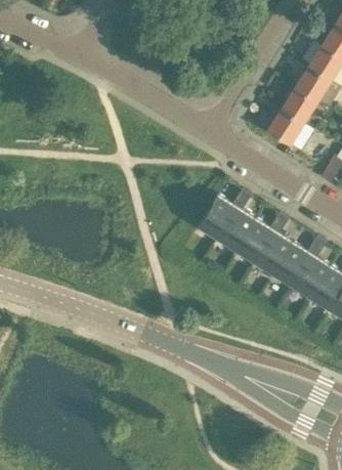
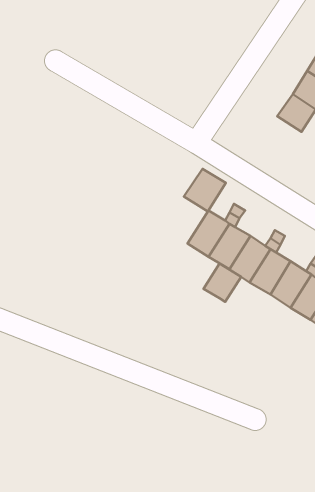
building: [266,110,302,146] -> none
building: none -> [184,169,226,211]
building: none -> [204,264,241,302]

